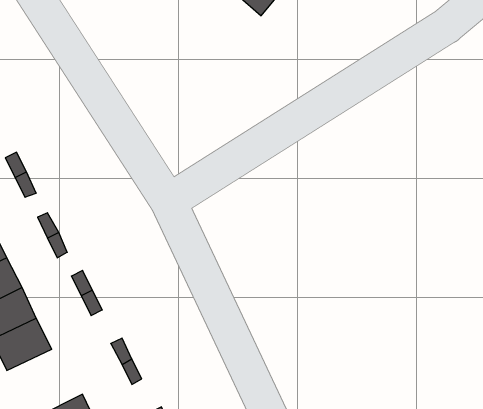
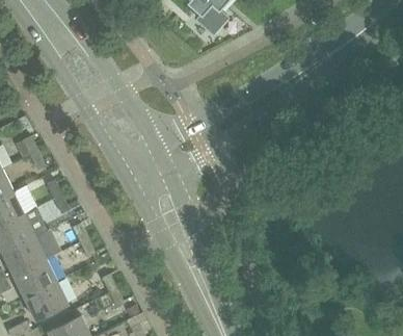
building: none -> [24,282,68,320]

